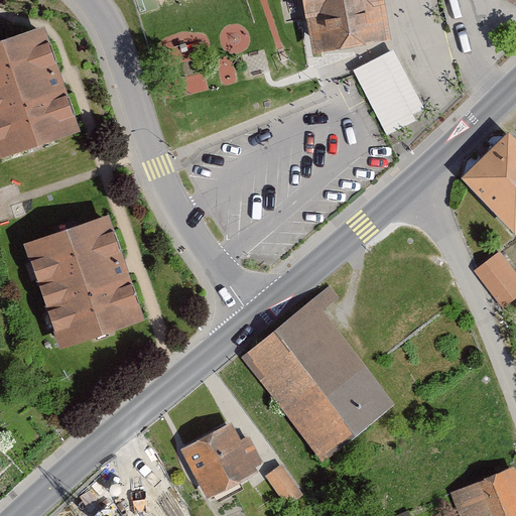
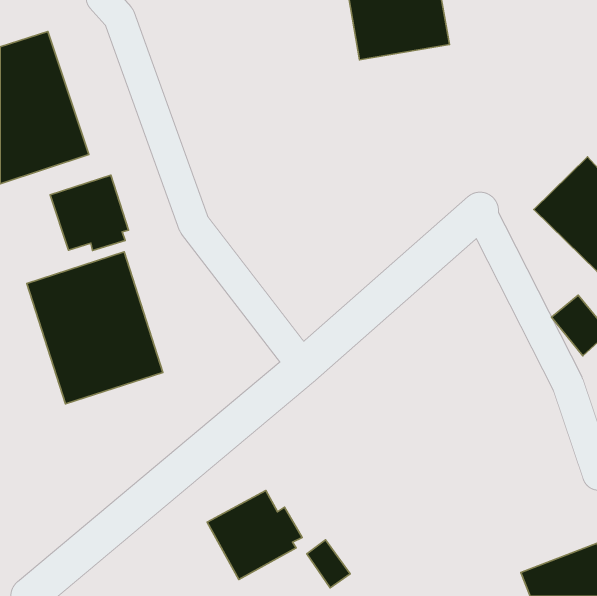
building: [356,49,423,132] -> none
building: none -> [50,175,128,250]
building: [241,289,393,460] -> none

